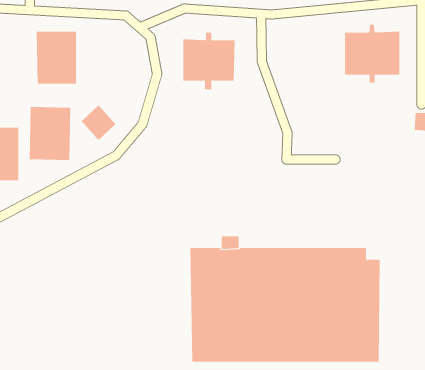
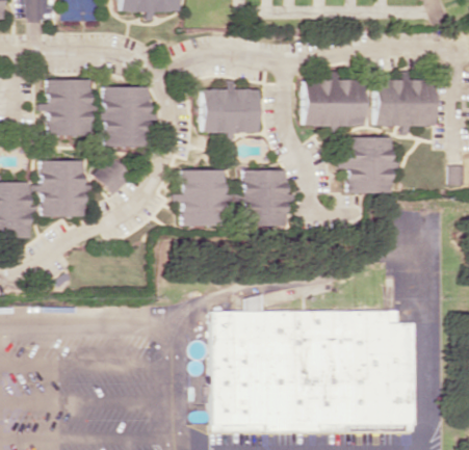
building: none -> [304,73,364,127]
building: none -> [103,87,150,148]
building: none -> [347,137,391,193]
building: none -> [174,170,226,228]
building: none -> [243,170,293,227]

